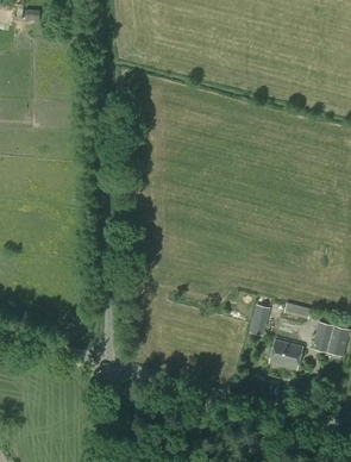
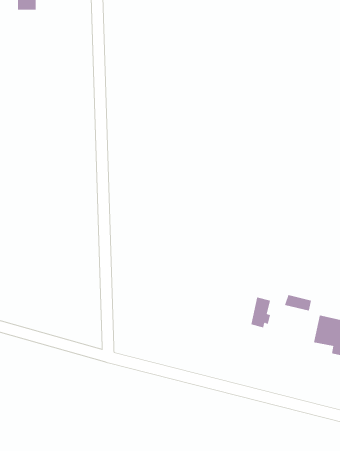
building: [269,339,302,370] -> none

